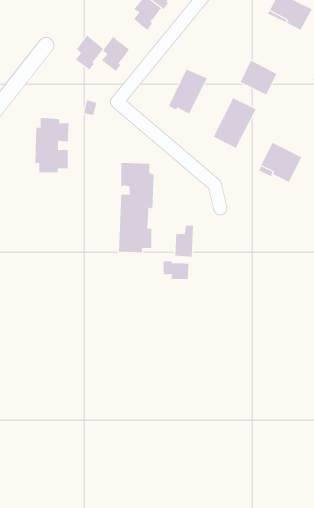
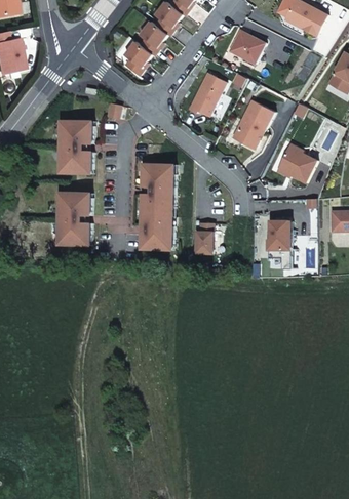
building: [75,35,104,70] -> [139,22,166,55]
building: [240,60,277,95] -> [229,30,265,64]
building: none -> [56,192,90,245]
building: none -> [267,220,290,257]
building: [163,260,189,280] -> none

